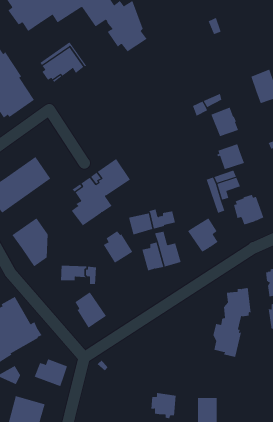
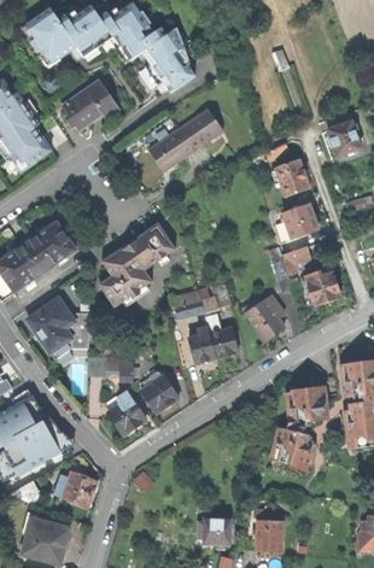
building: none -> [148,109,222,171]
building: [103,230,133,263] -> [140,371,177,412]

